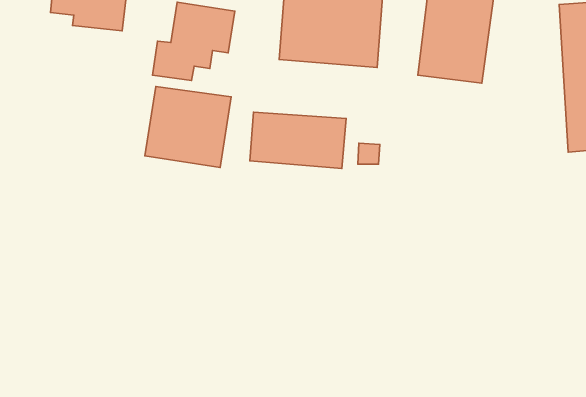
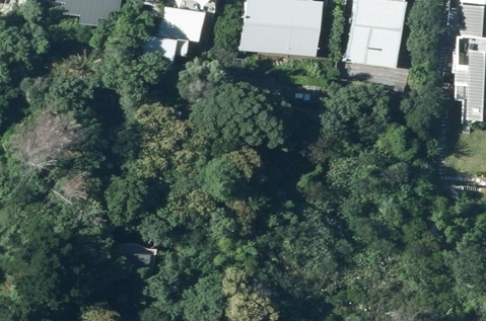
building: [145,86,231,167] -> none
building: [250,112,346,168] -> none

